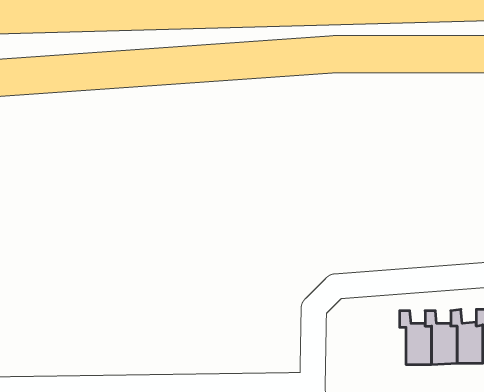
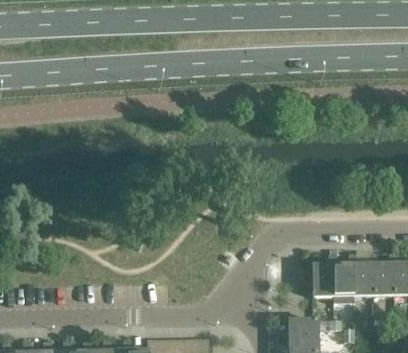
building: none -> [304,266,334,297]

